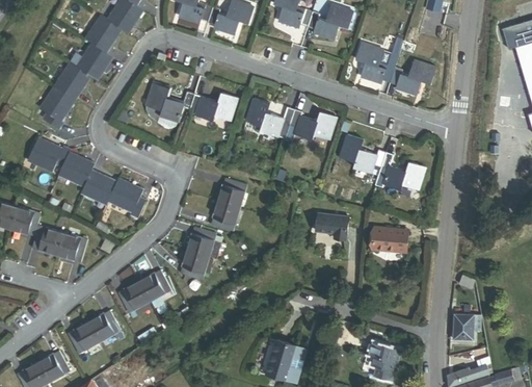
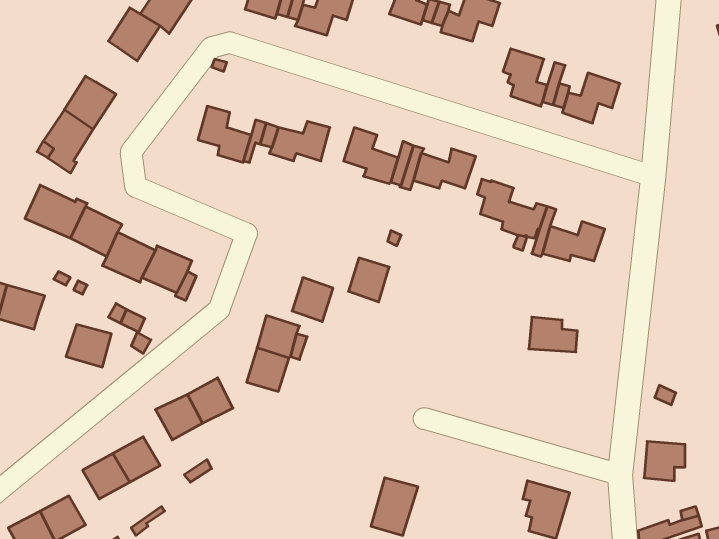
building: [77,43,112,79] -> none
building: [218,178,246,208] -> [348,258,389,302]
building: [316,213,348,237] -> none
building: [31,226,63,255] -> none

